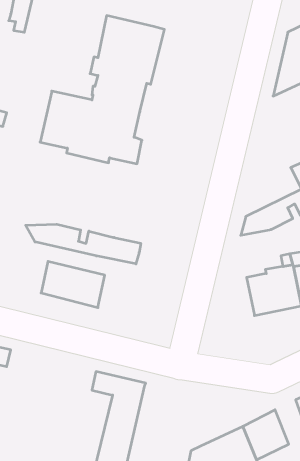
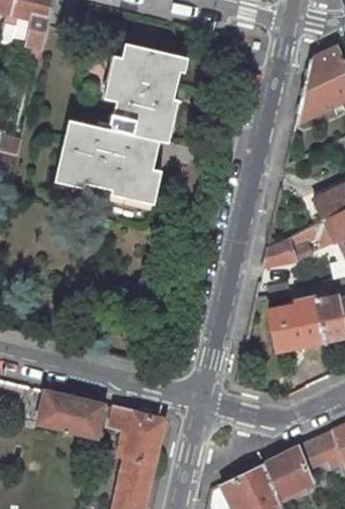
building: [26,224,141,264] -> none
building: [41,261,105,308] -> [38,390,104,438]

